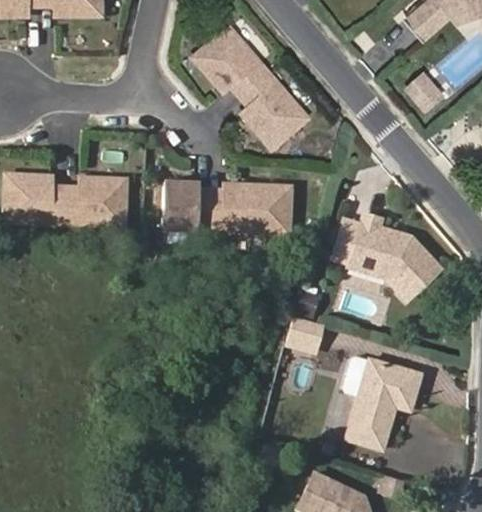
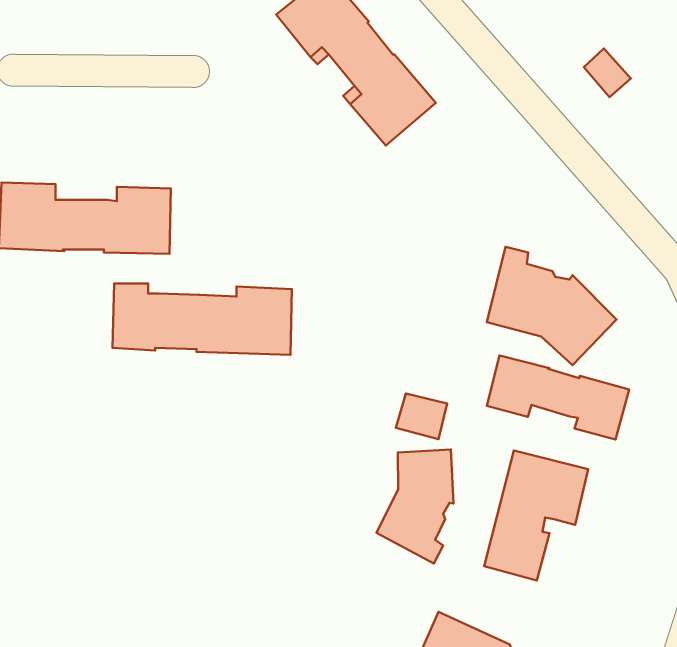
building: [162,180,288,230] -> [113,284,292,355]
building: none -> [487,355,629,440]
building: none -> [377,450,454,563]

